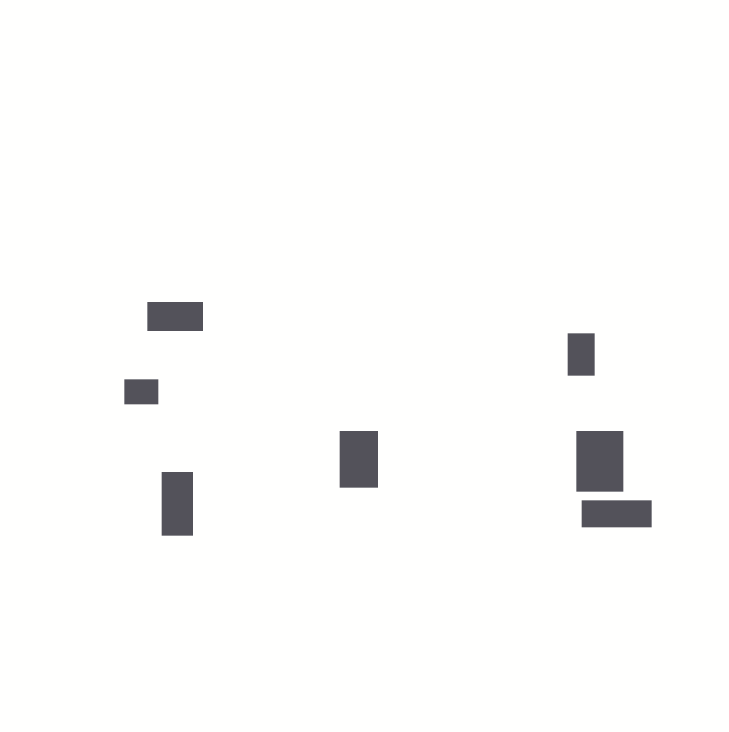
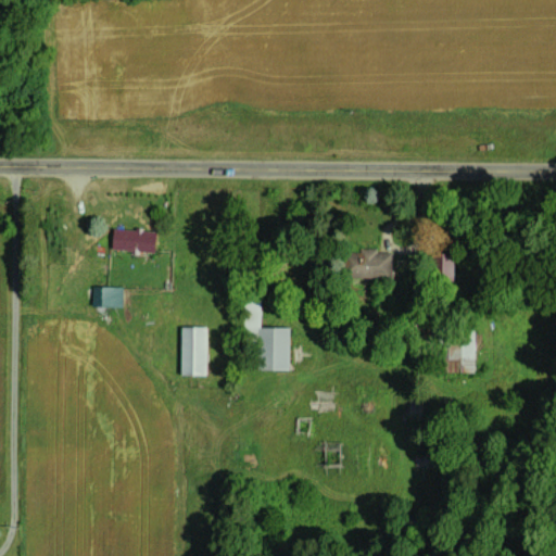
building: none -> [342,251,393,278]
building: [161,471,194,536] -> [184,327,208,376]
building: [581,500,652,528] -> none

